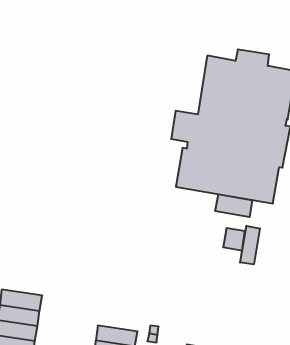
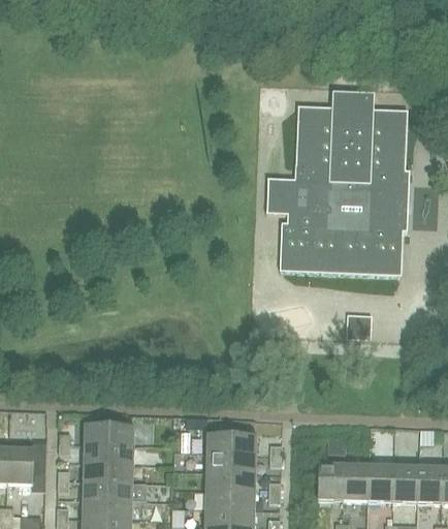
building: [215,194,252,217] -> none
building: [240,226,260,264] -> none
building: none -> [206,433,256,454]

